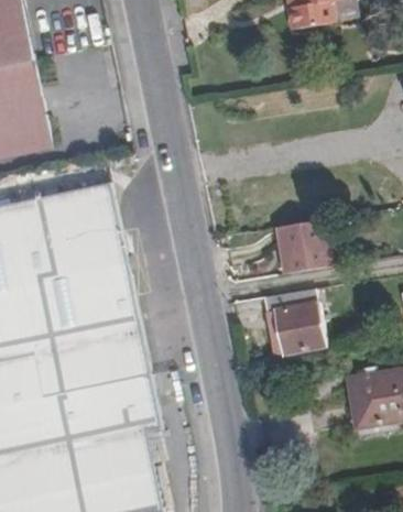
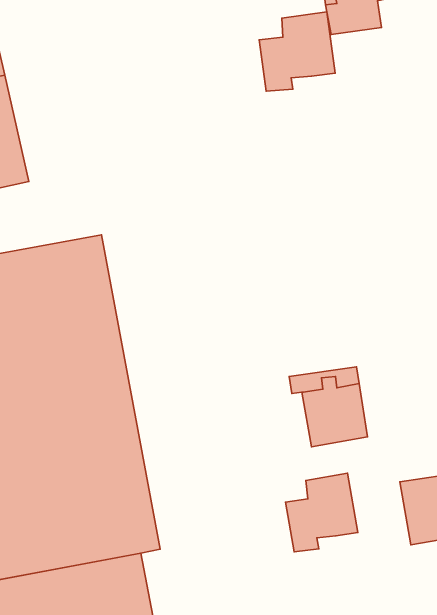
building: none -> [259,12,335,91]
building: [274,221,328,273] -> none
building: none -> [286,473,358,552]

